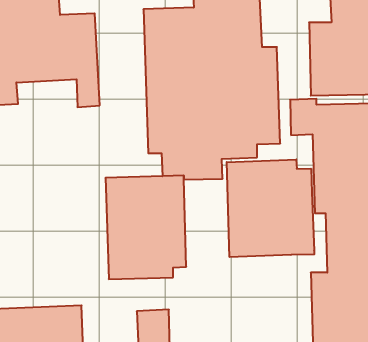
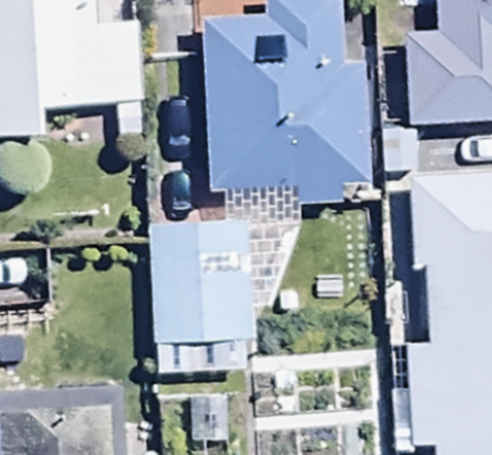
building: [227,159,314,257] -> none

